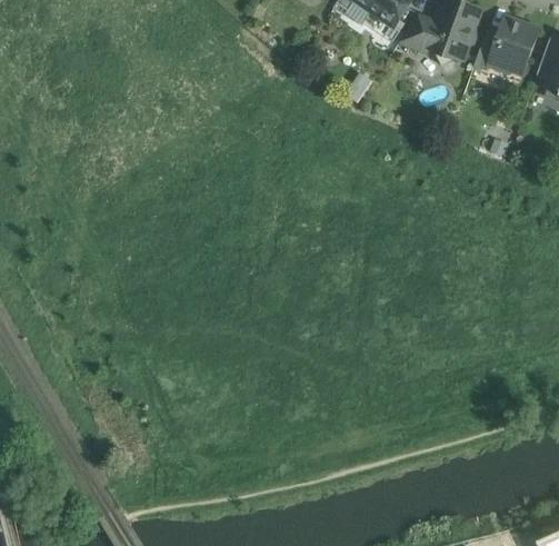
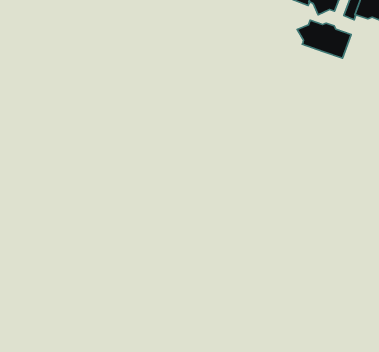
building: none -> [297,20,351,58]

